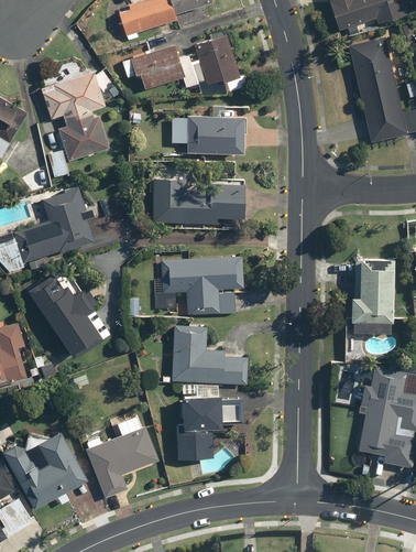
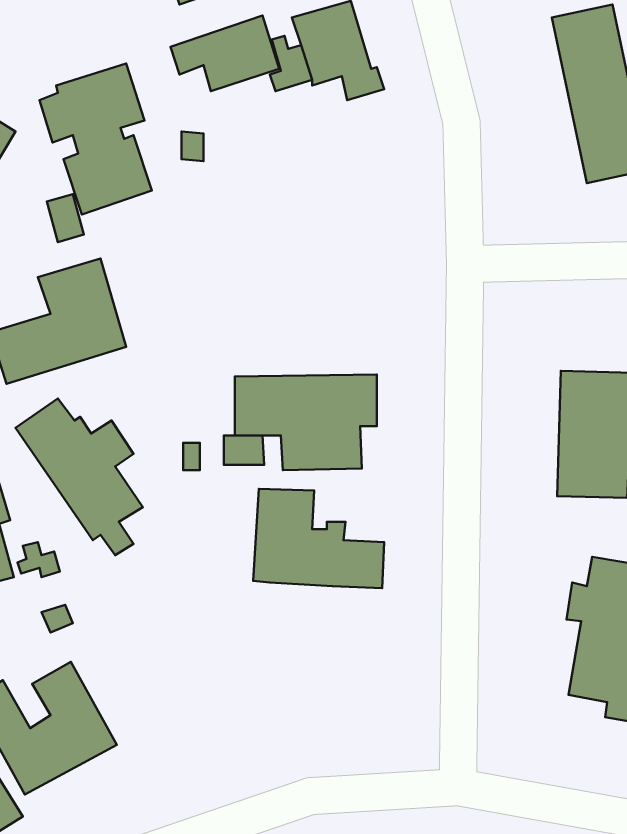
building: [171,107,247,154] -> none
building: [152,178,245,224] -> none
building: [176,382,242,463] -> none
building: [86,424,160,498] -> none

